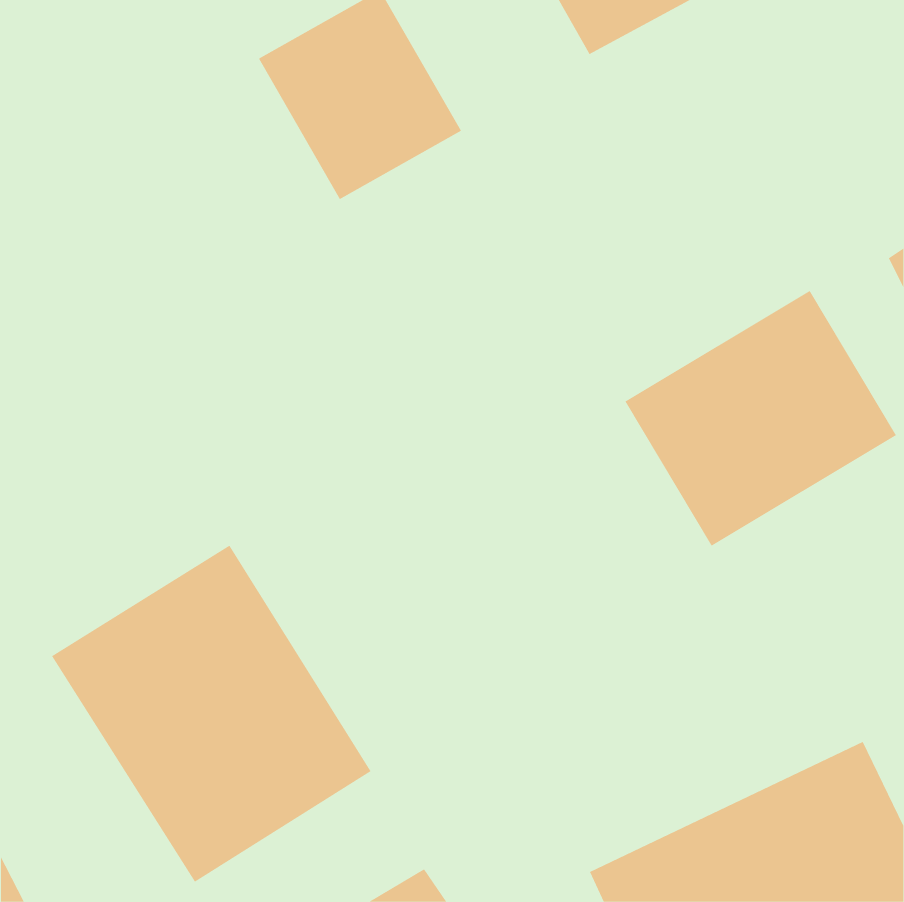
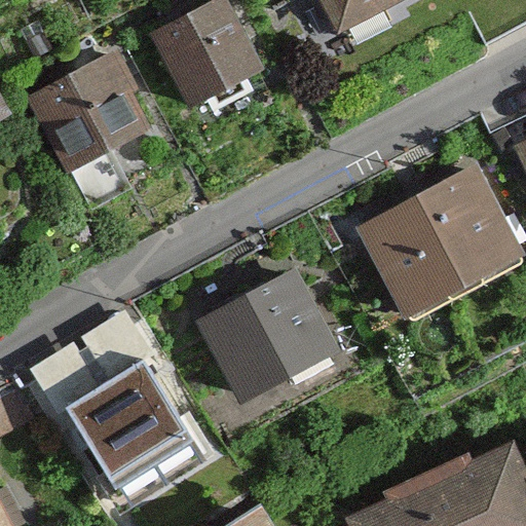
building: none -> [24,55,153,178]
building: none -> [200,271,339,407]

